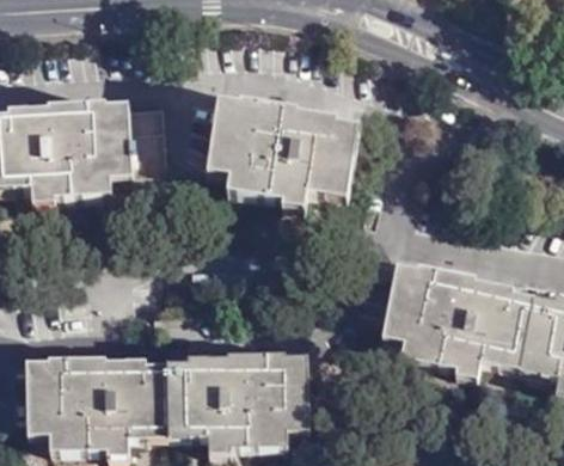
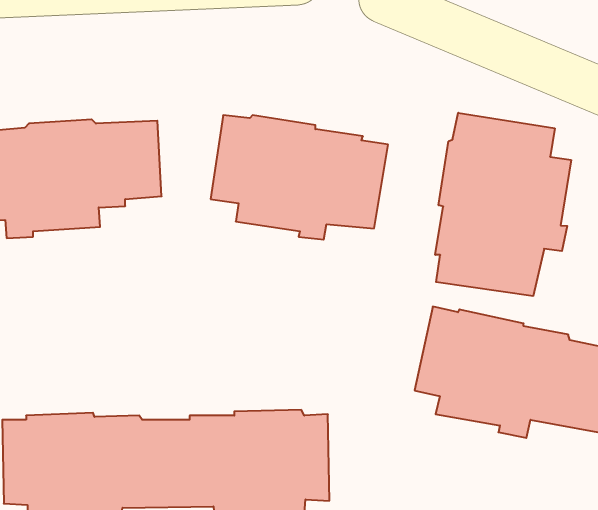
building: none -> [435,113,571,296]

